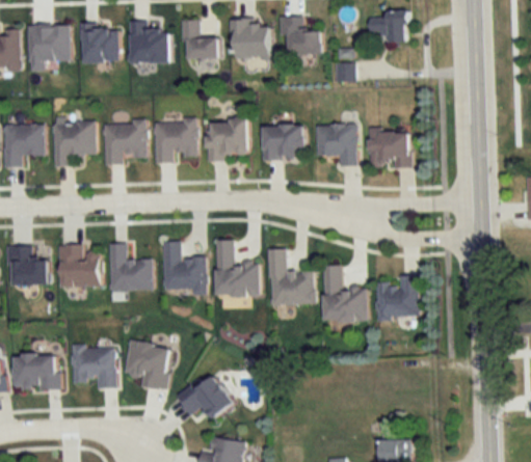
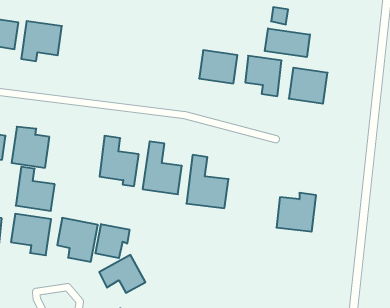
building: none -> [265,28,310,57]
building: [154,120,195,163] -> none
building: [207,120,247,159] -> none
building: [103,121,145,164] -> none
building: [109,244,151,290] -> [16,167,55,211]
building: [322,265,365,322] -> none
building: none -> [95,224,129,258]

